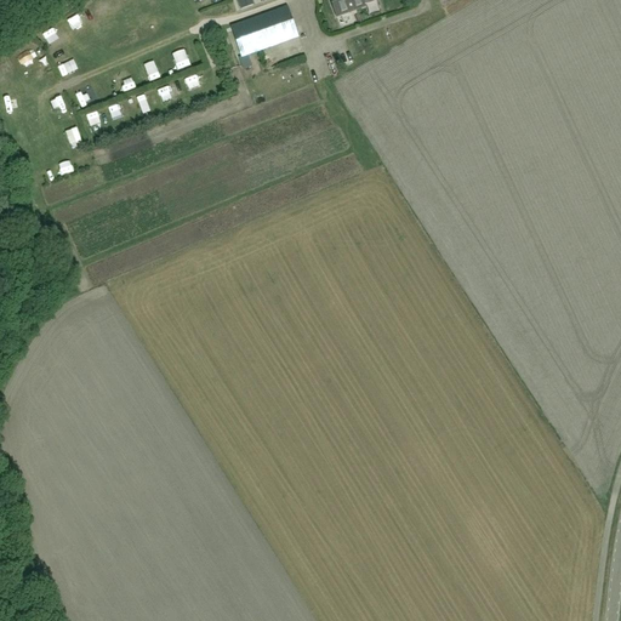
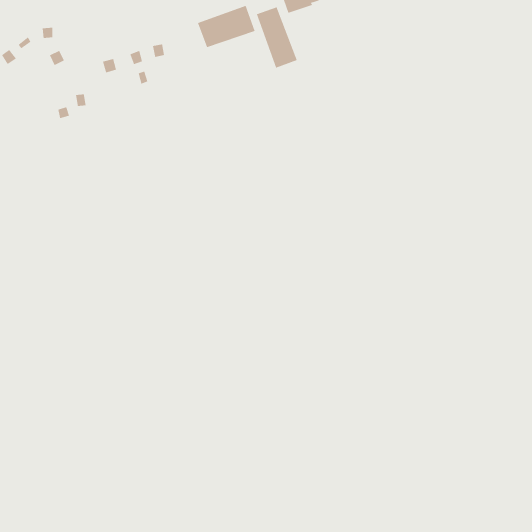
building: none -> [256,7,297,68]

